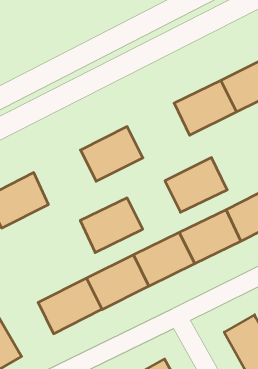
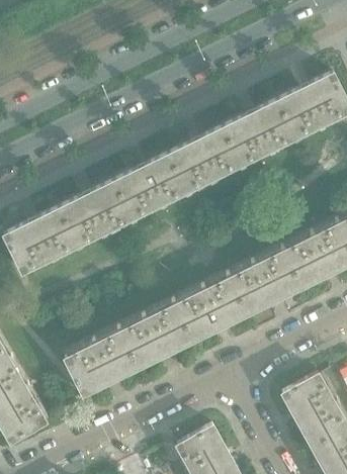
building: [165,158,227,212] -> [169,127,242,191]
building: [80,198,143,253] -> [60,182,133,246]

